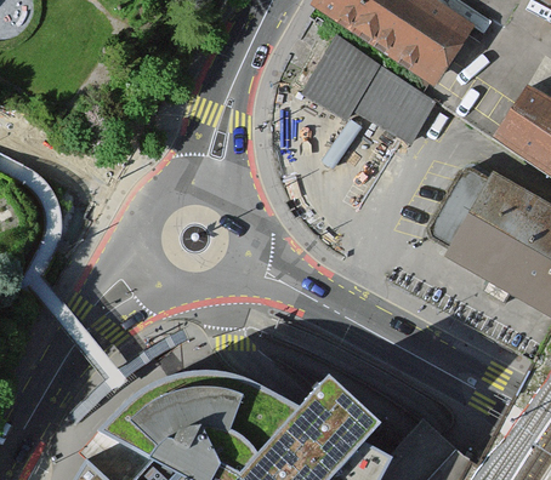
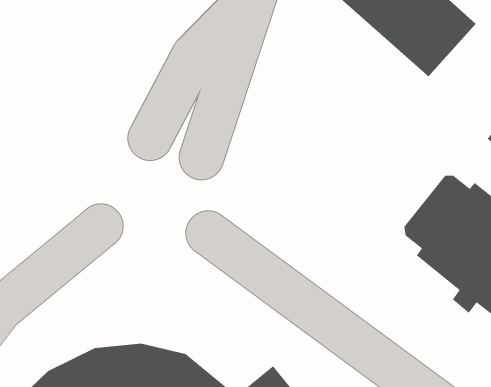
building: [300,36,437,144] -> none

